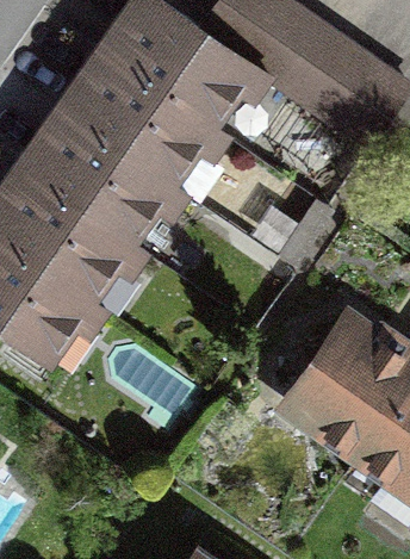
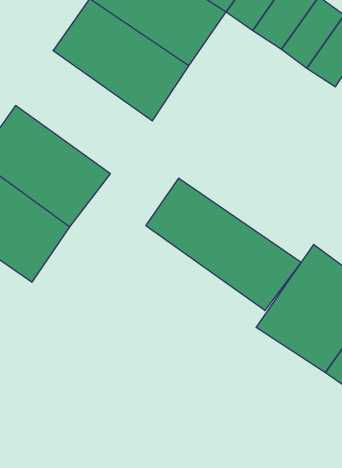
building: [25,106,173,240] -> none
building: none -> [146,178,301,311]

